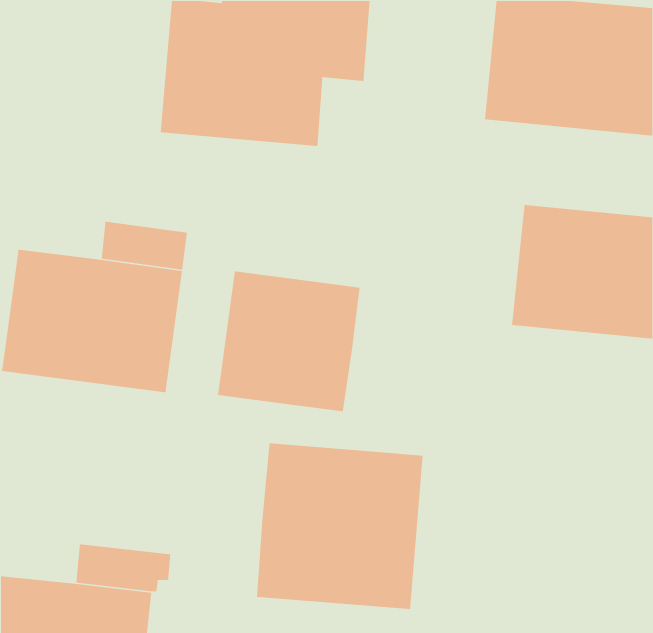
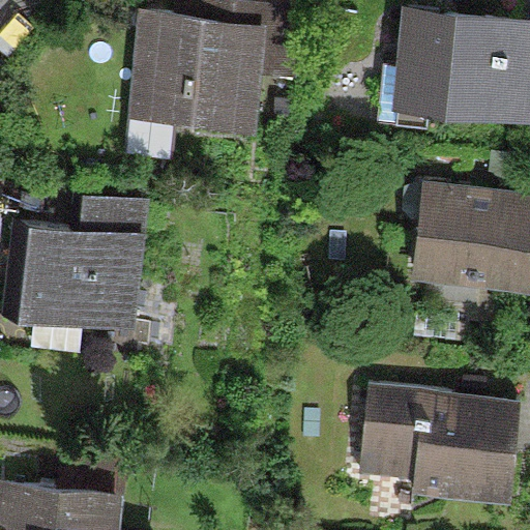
building: [217,270,360,412] -> none
building: [256,443,424,610] -> none
building: none -> [361,387,521,501]

